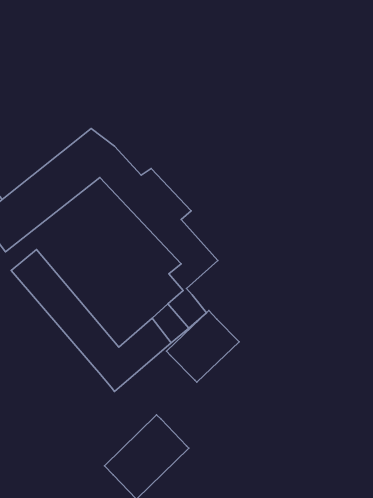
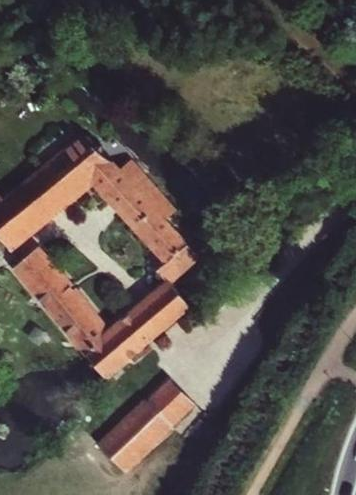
building: [167,311,239,382] -> none
building: none -> [148,379,194,425]

